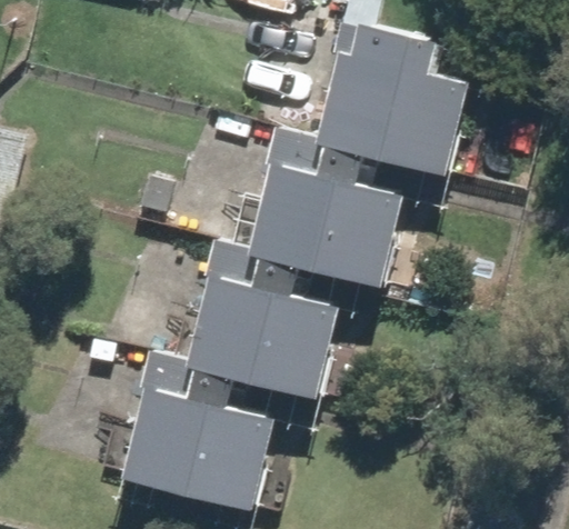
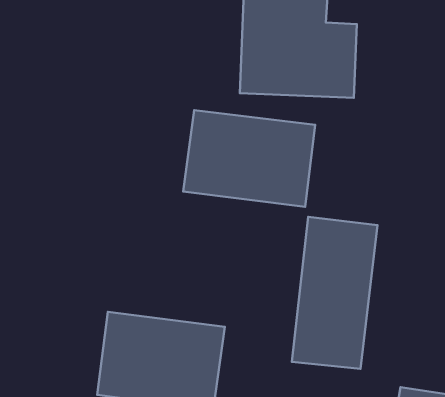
building: [181,279,339,400] -> none
building: none -> [292,217,377,369]

